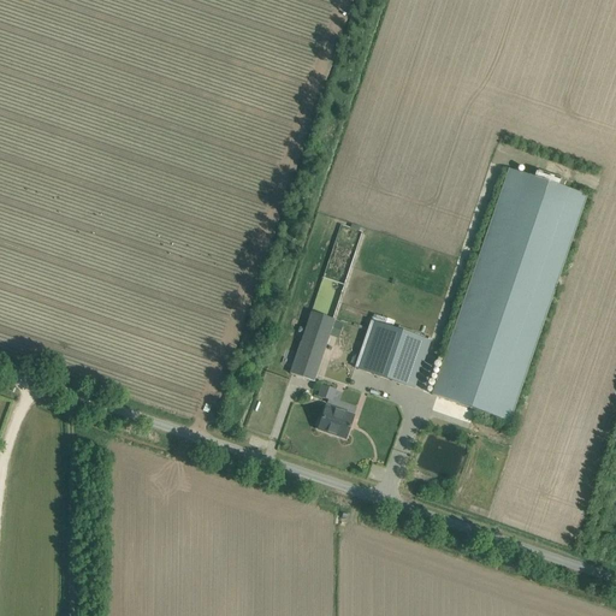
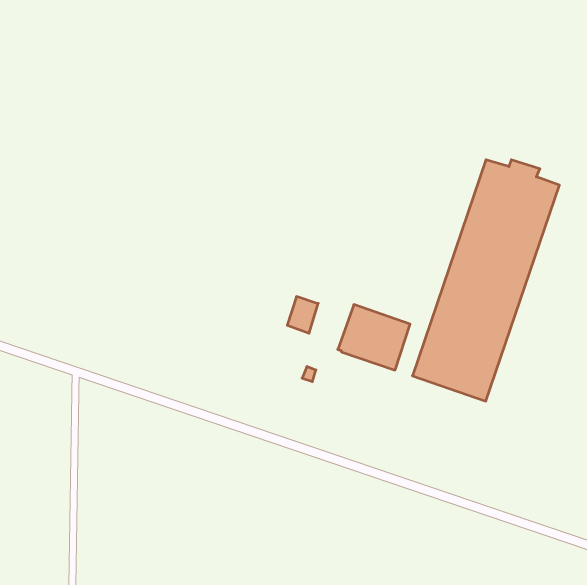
building: [290,340,324,380] -> none
building: [318,404,354,437] -> none

